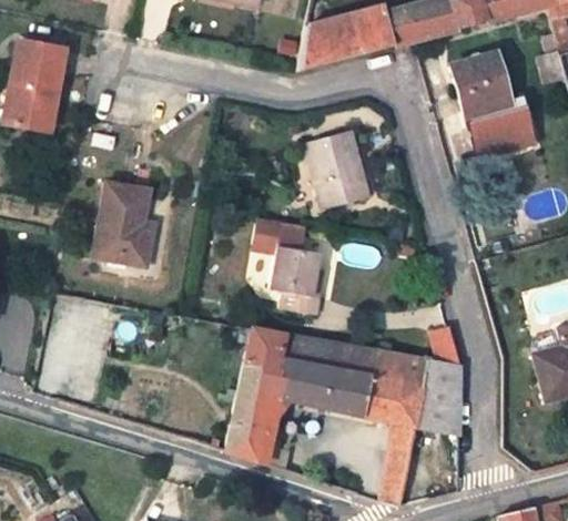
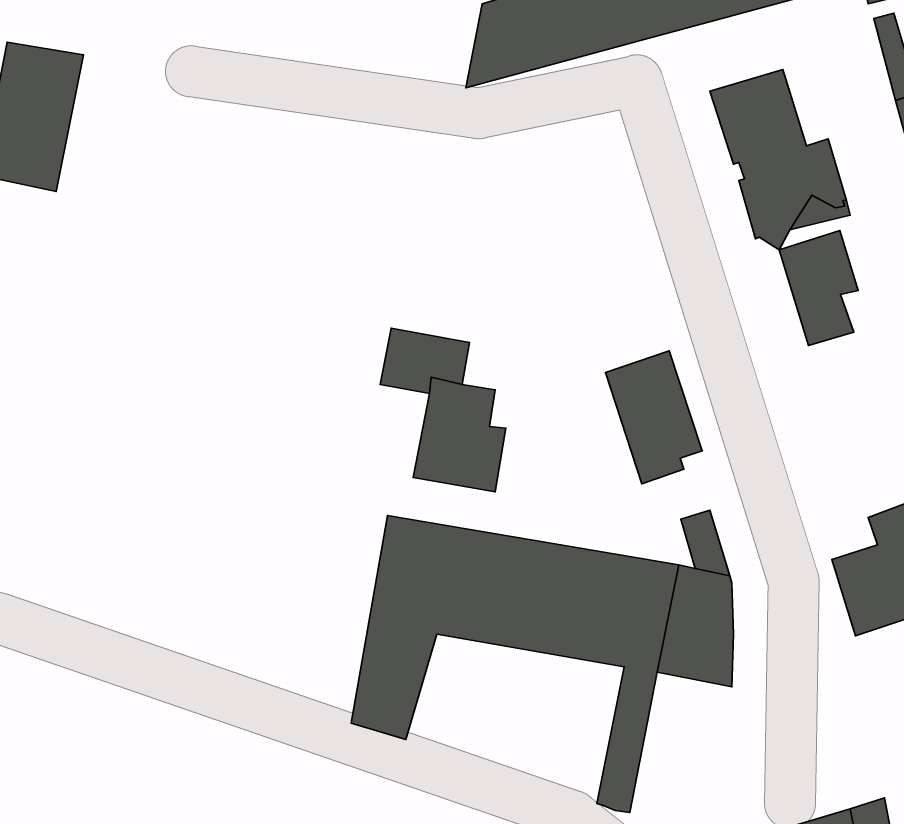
building: [305,134,364,215] -> [606,351,702,484]
building: none -> [779,230,858,346]
building: [98,185,158,257] -> none

